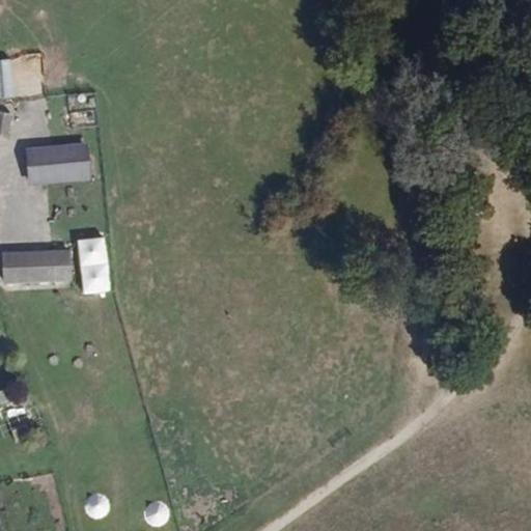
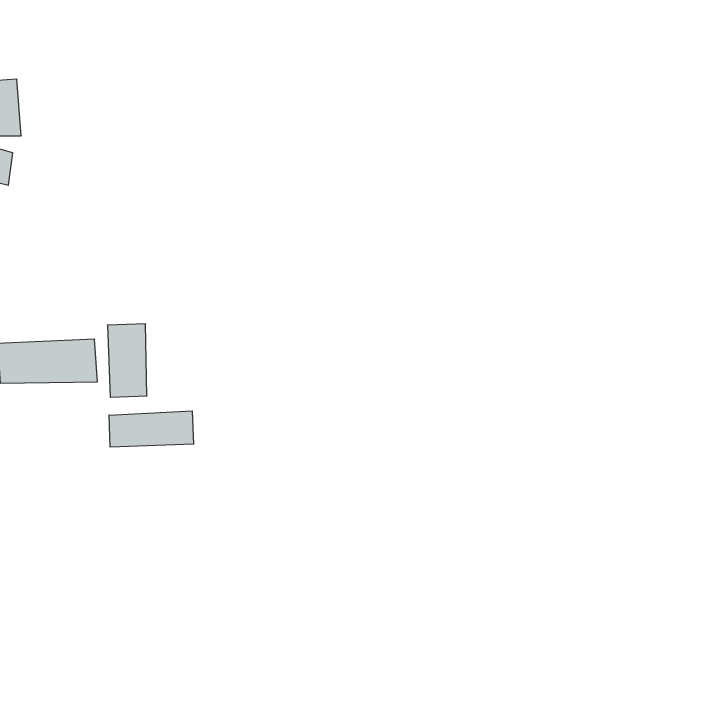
building: [23,144,87,185] -> none
building: none -> [109,411,194,447]

